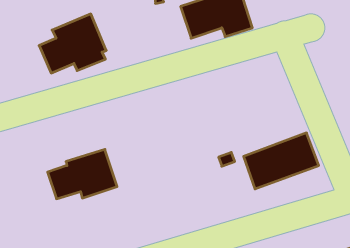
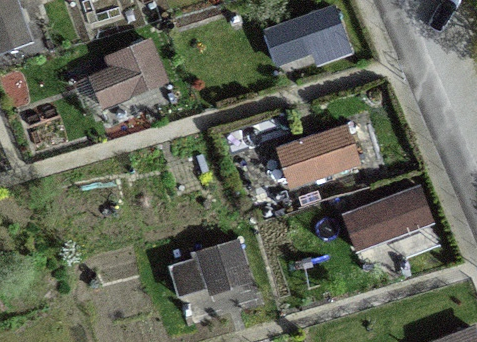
building: none -> [274,123,362,192]
building: [48,149,117,199] -> [167,238,253,299]

